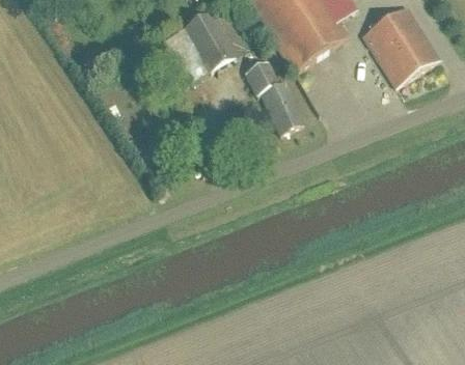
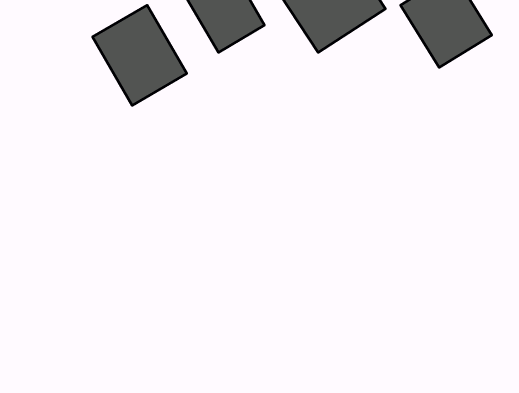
building: none -> [92,5,187,105]
building: [245,61,304,133] -> none

